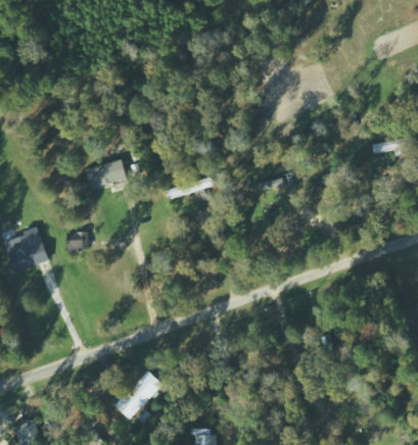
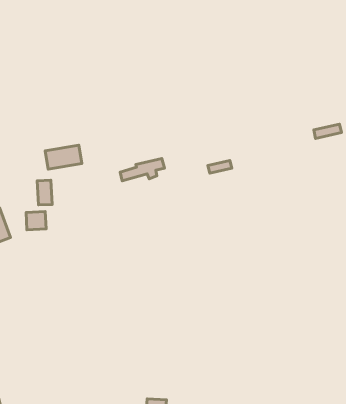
building: none -> [37,180,52,205]
building: [114,368,162,419] -> none

